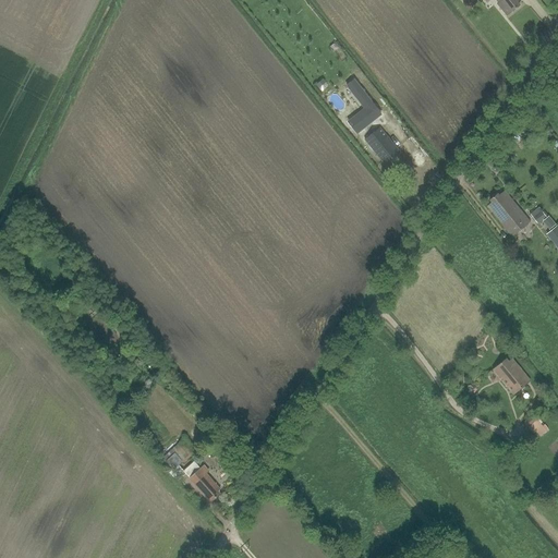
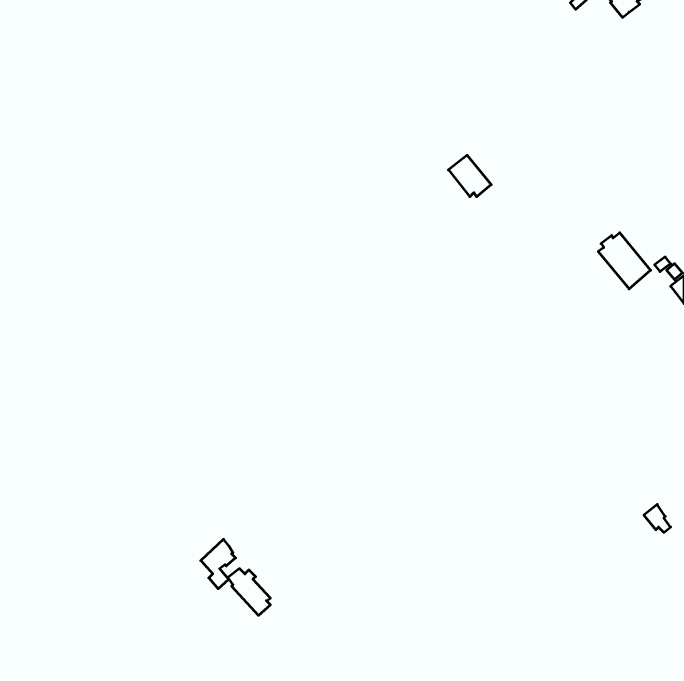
building: [348,78,381,132] -> none
building: [493,356,531,393] -> none

